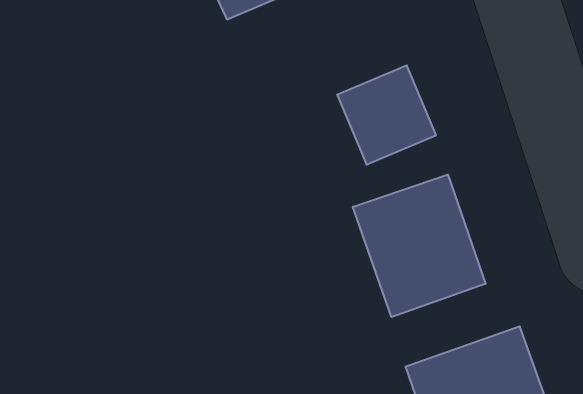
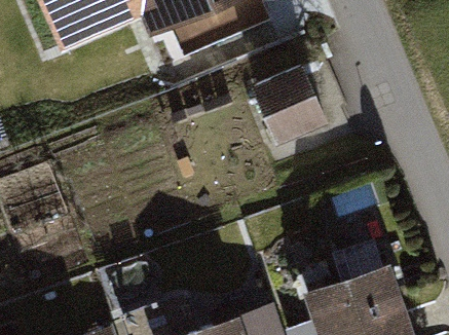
building: [353,175,486,317] -> none

